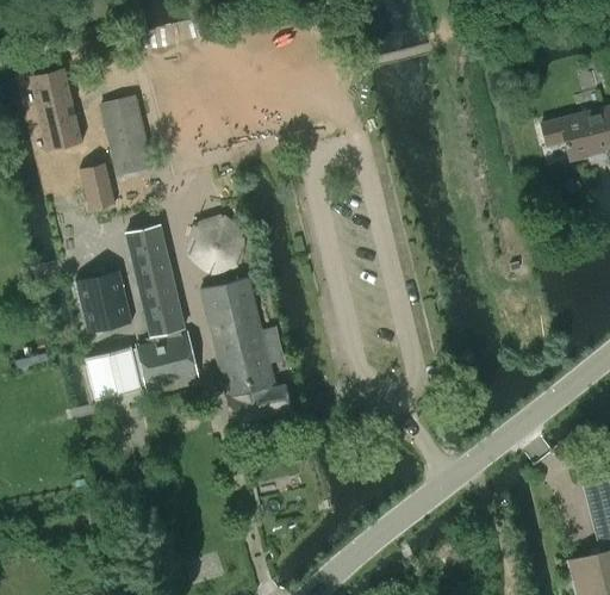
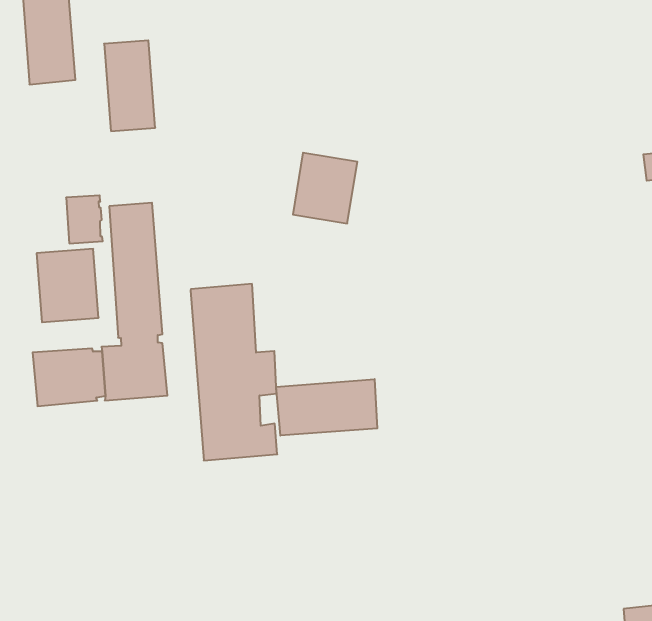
building: [81,166,116,207] -> [66,195,103,243]
building: [192,216,236,266] -> [293,153,357,223]
building: none -> [276,379,377,436]

